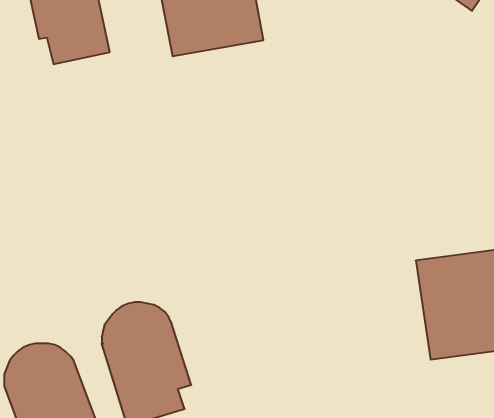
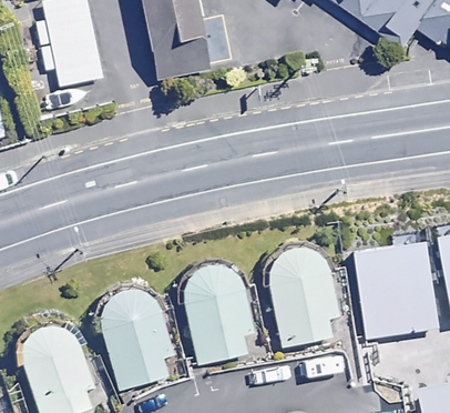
building: none -> [265,243,337,347]
building: none -> [181,261,254,365]

